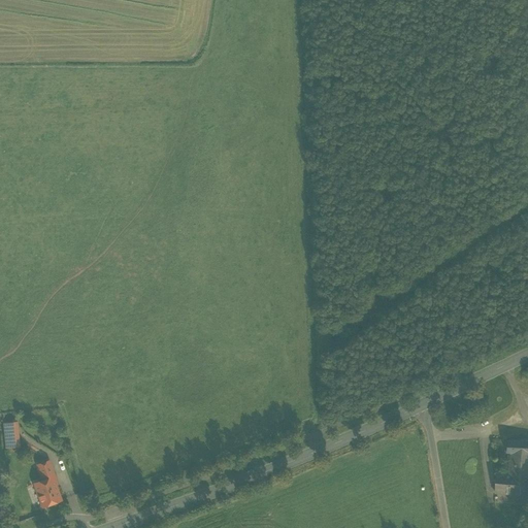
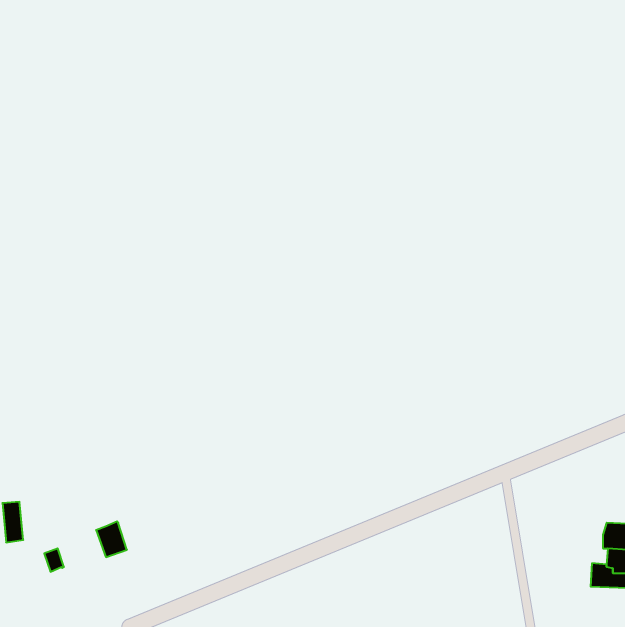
building: [36,476,62,506] -> [96,521,127,557]

